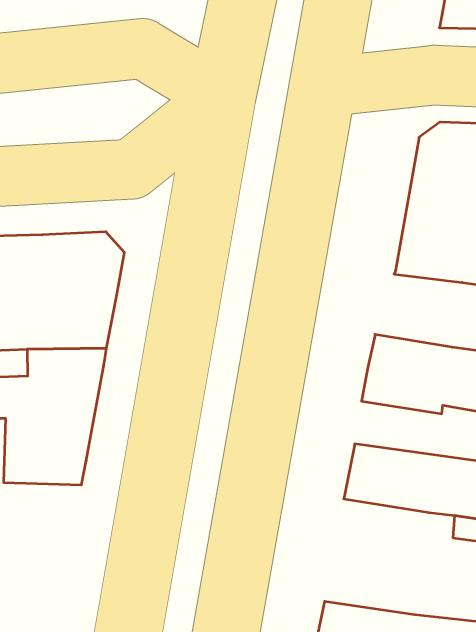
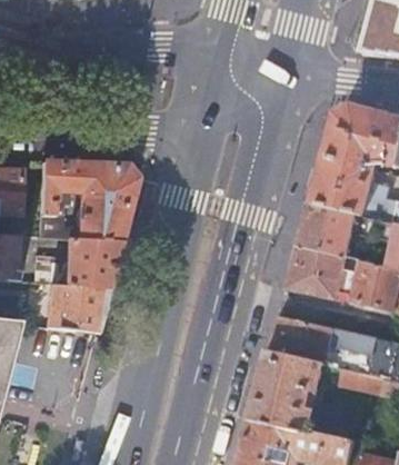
building: none -> [297,204,357,258]
building: none -> [250,353,323,433]

